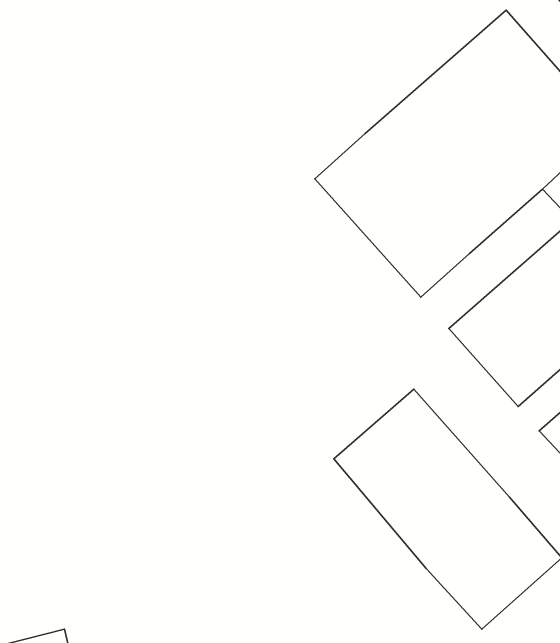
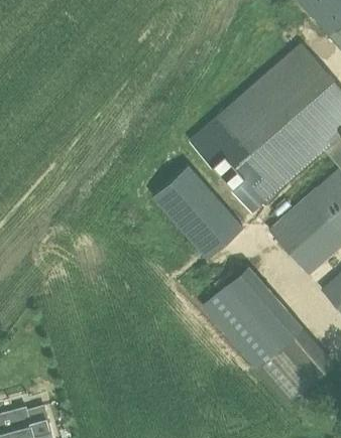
building: none -> [152,164,242,257]

